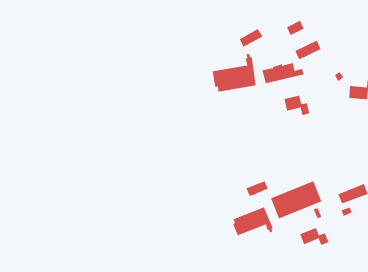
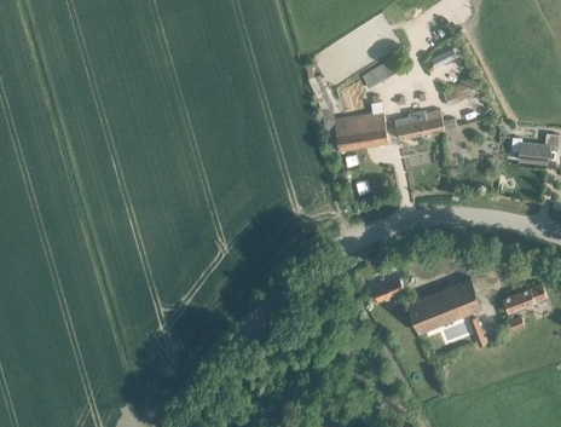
building: [284,95,310,116] -> none
building: [232,206,274,236] -> none
building: [299,227,329,246] -> none

